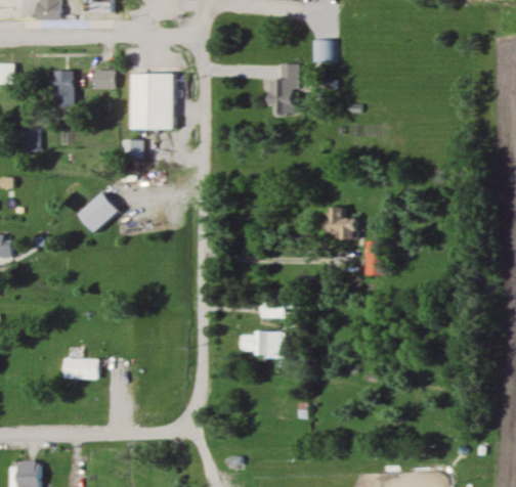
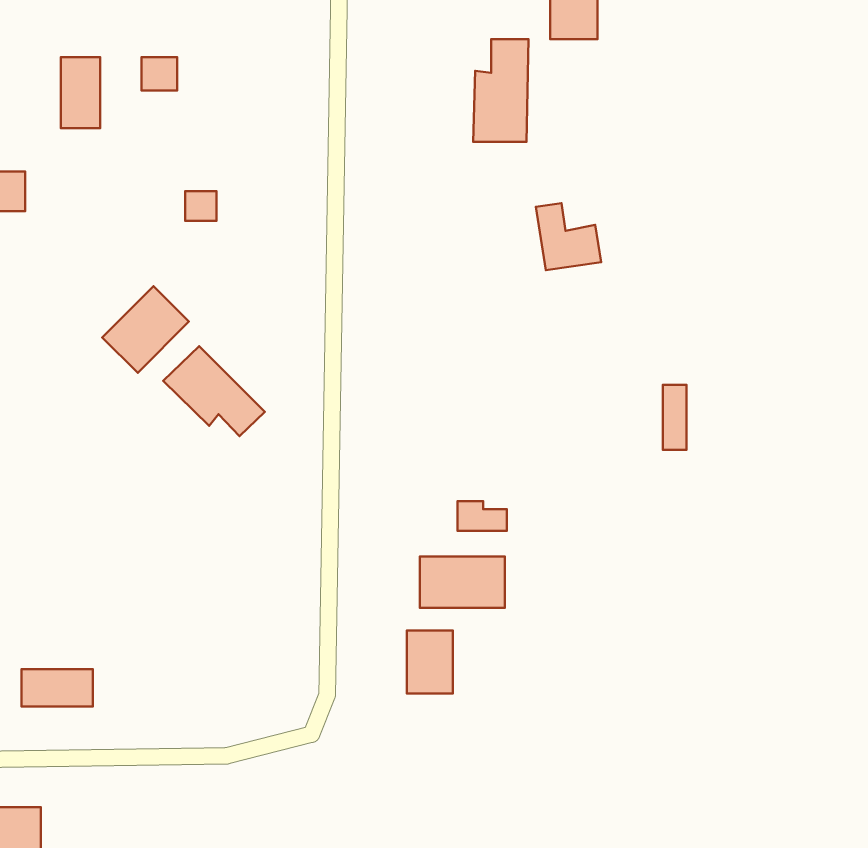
building: [127,74,175,130] -> none
building: [329,205,362,239] -> [536,203,601,270]
building: none -> [163,346,265,436]
building: [59,358,96,378] -> [22,669,93,707]
building: none -> [407,630,453,694]

